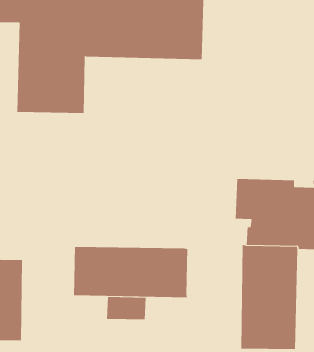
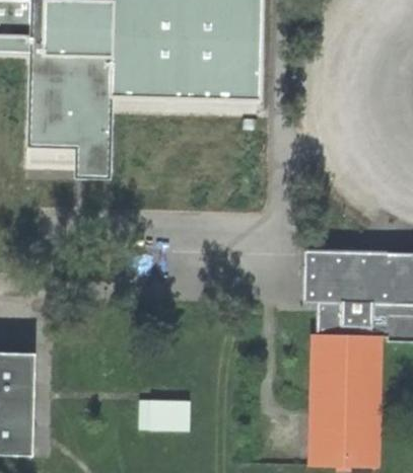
building: [73,246,188,298] -> none

